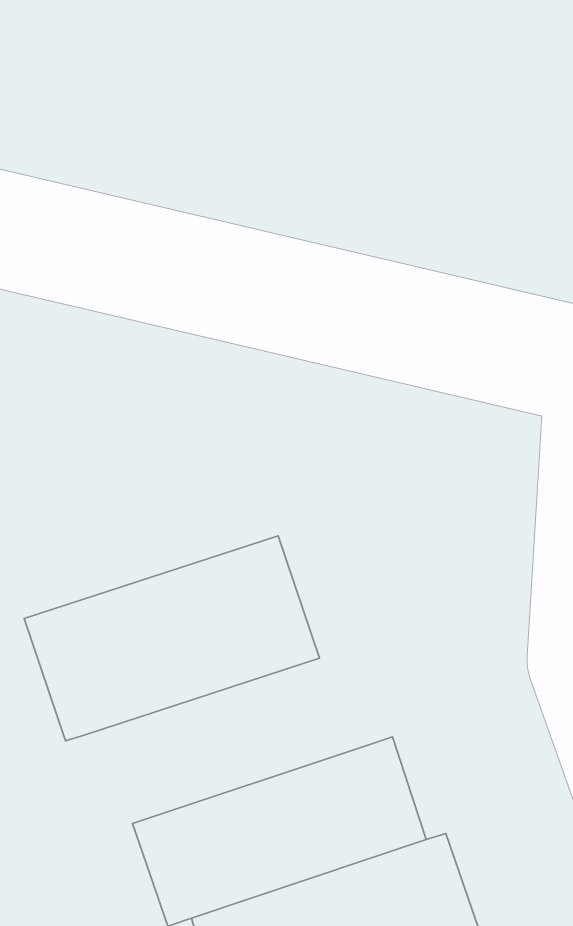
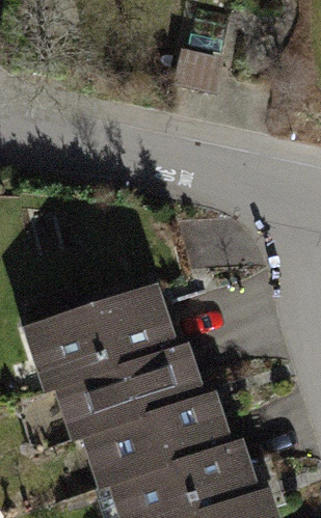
building: none -> [55,346,205,438]

